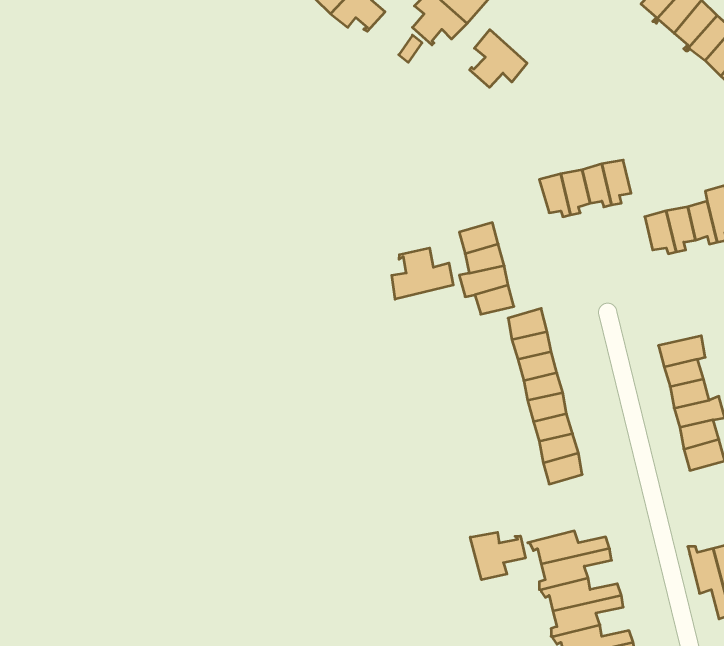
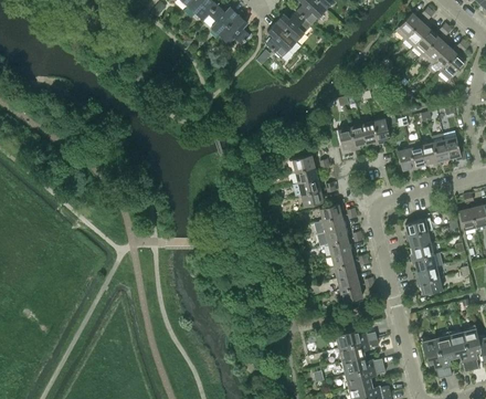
building: [470,30,527,87] -> none
building: [392,248,453,299] -> none
building: [470,532,525,580] -> none

